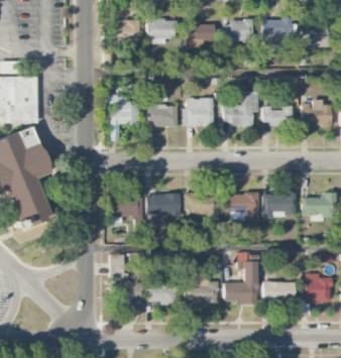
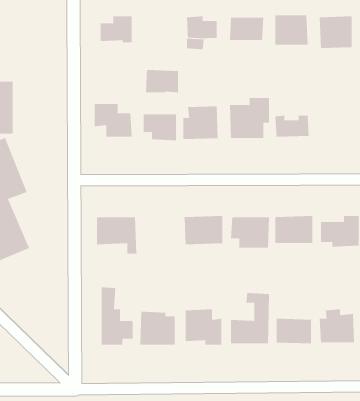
building: [146,19,176,39] -> [145,70,179,93]
building: [302,100,331,124] -> none
building: [145,194,180,217] -> none

